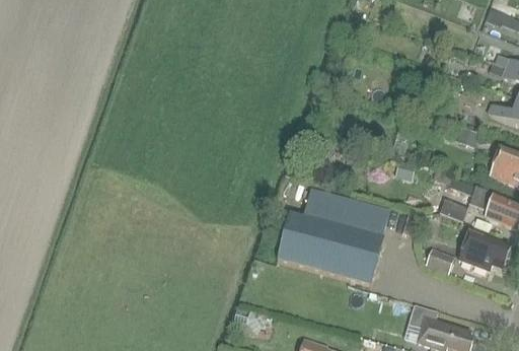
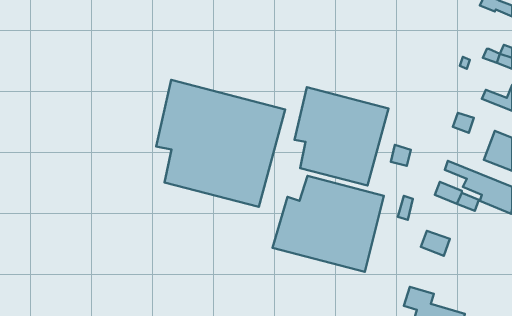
building: none -> [156,80,285,207]
building: none -> [295,87,388,186]
building: [459,230,510,271] -> none

